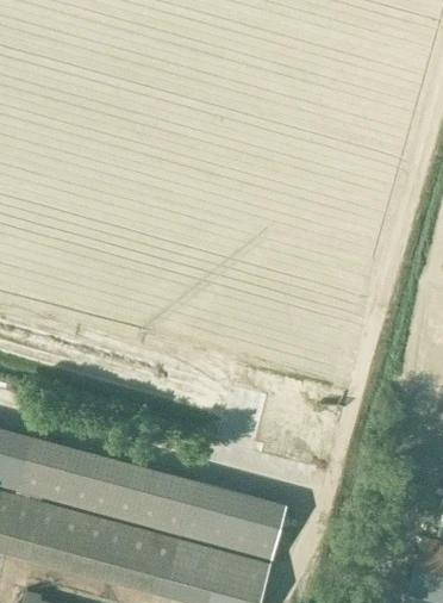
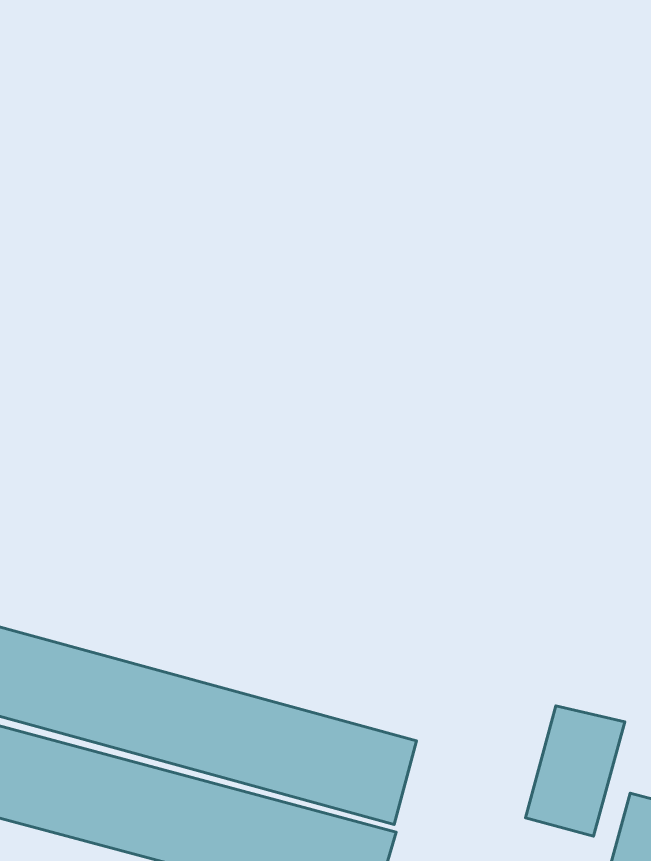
building: none -> [526,706,625,836]

